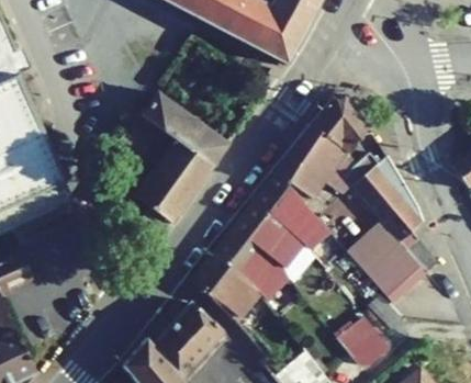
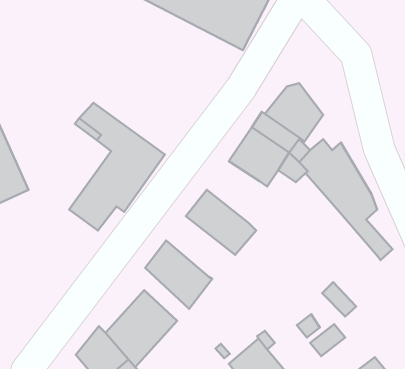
building: [141,93,228,167] -> none
building: [254,173,311,235] -> none
building: [348,221,427,303] -> none
building: [213,228,290,300] -> none

